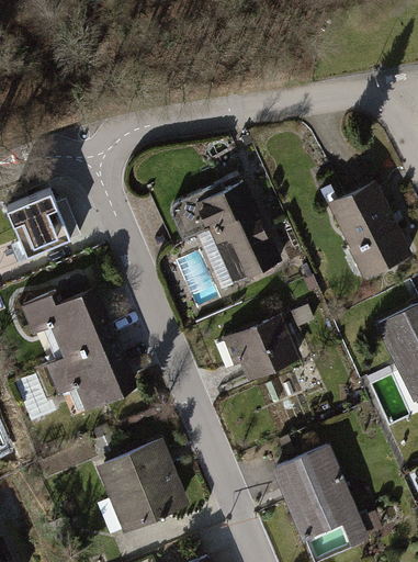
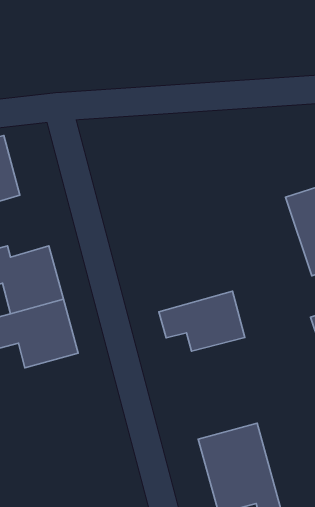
building: [176,181,283,288] -> none
building: [93,436,187,530] -> none

